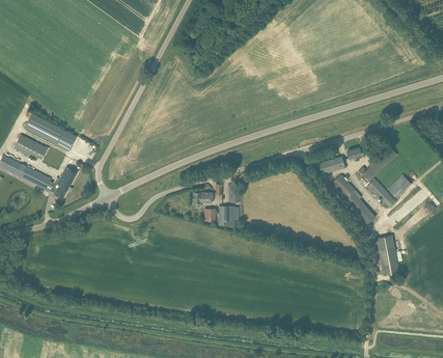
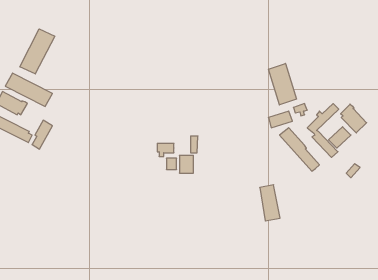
building: none -> [20,29,55,74]
building: none -> [269,63,296,105]
building: none -> [341,104,367,133]
building: [378,236,400,276] -> [260,185,280,221]

